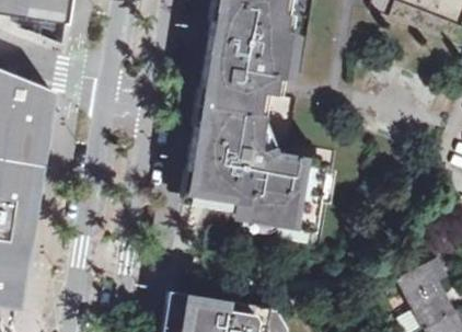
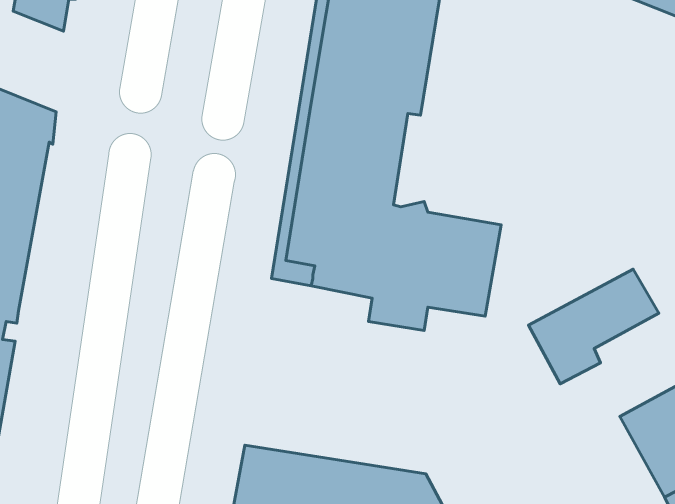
building: none -> [528,269,659,384]

